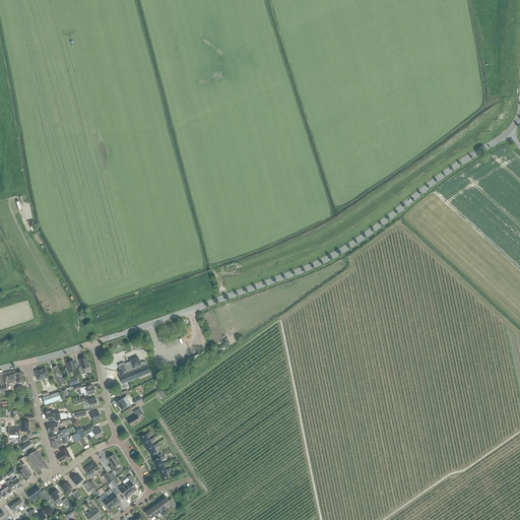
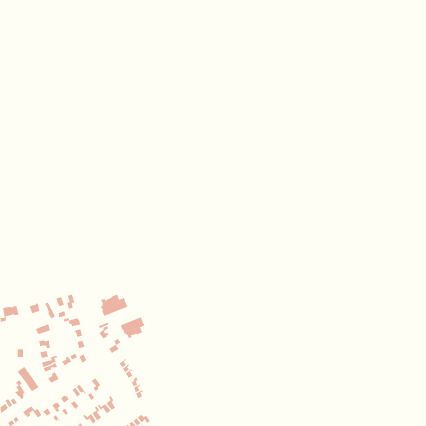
building: none -> [120,316,145,339]

